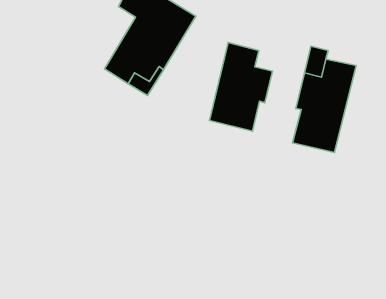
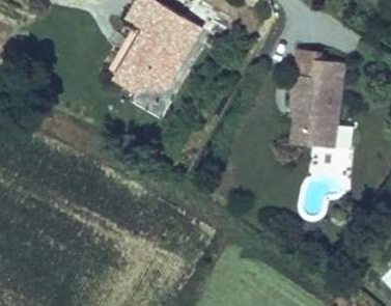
building: [210,42,273,131] -> none

